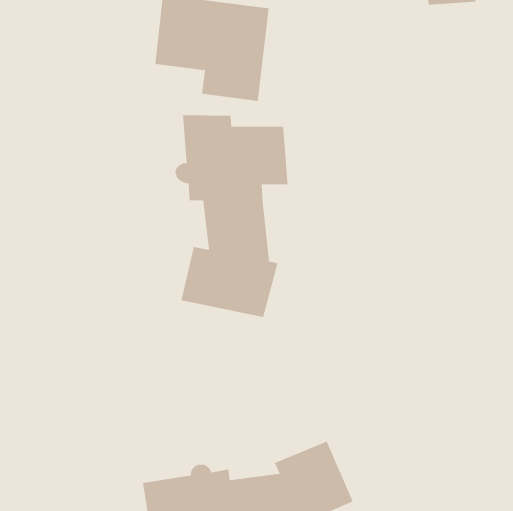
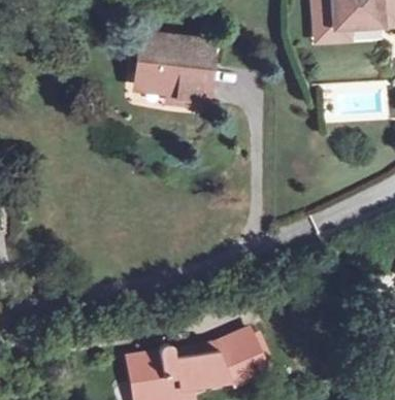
building: [175,114,288,318] -> none

